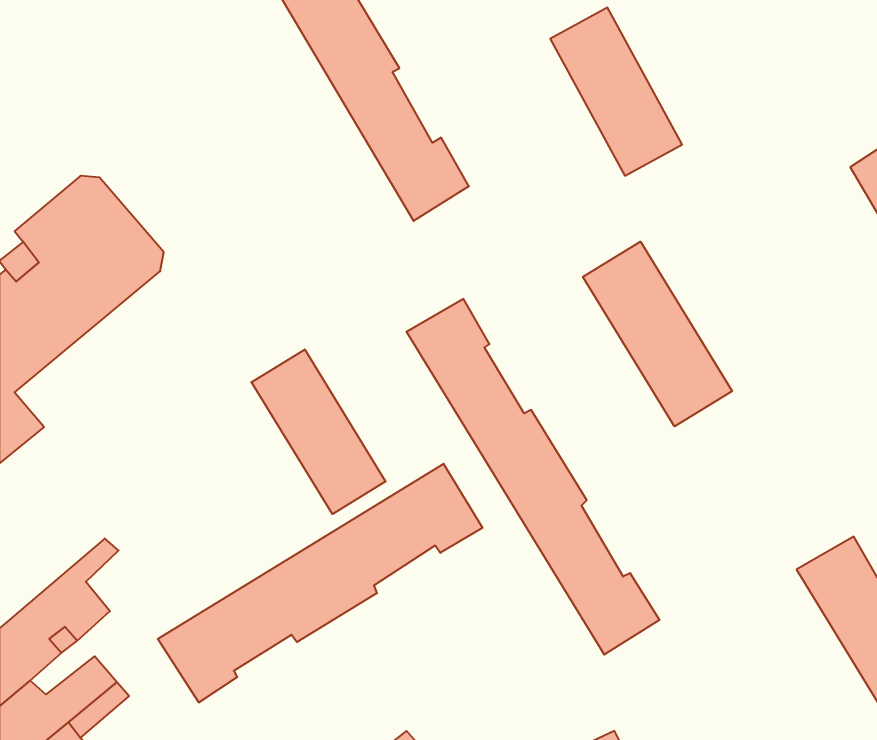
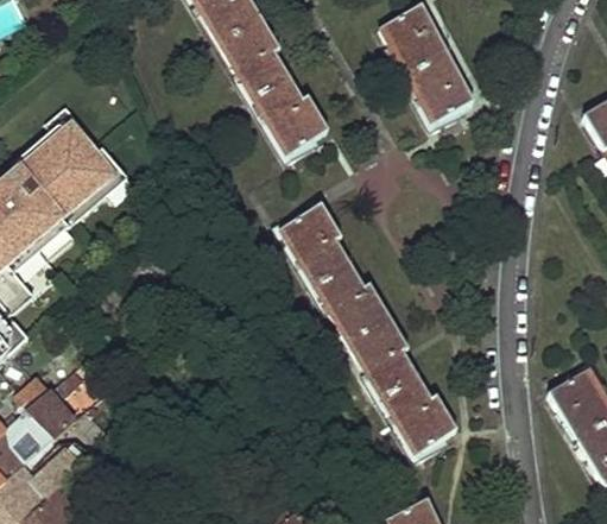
building: [583,242,732,426] -> none
building: [251,349,386,514] -> none
building: [158,464,482,703] -> none

